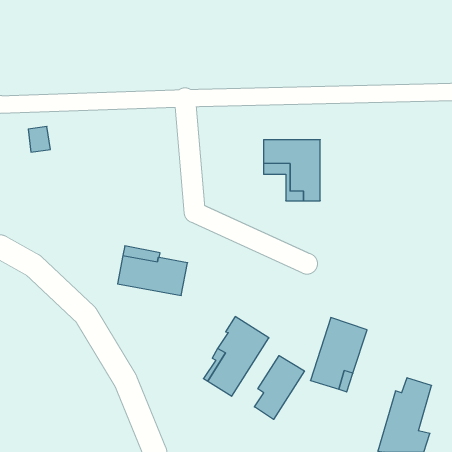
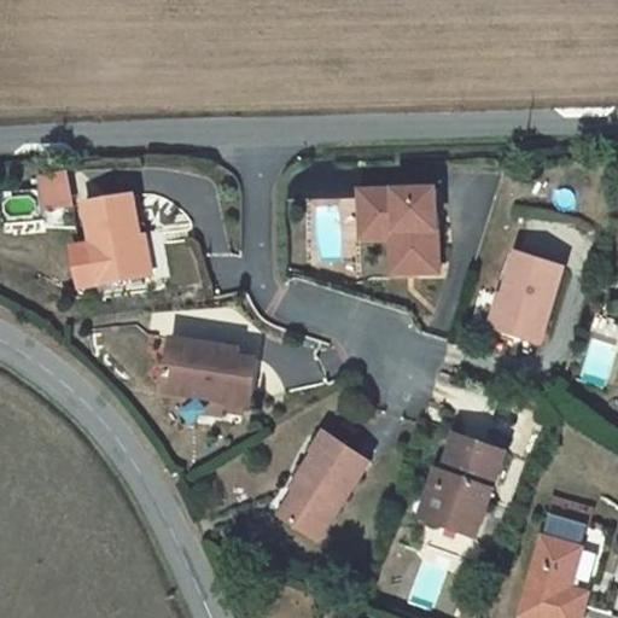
building: none -> [83,196,144,284]
building: none -> [490,247,562,338]
building: [254,356,304,419] -> none

